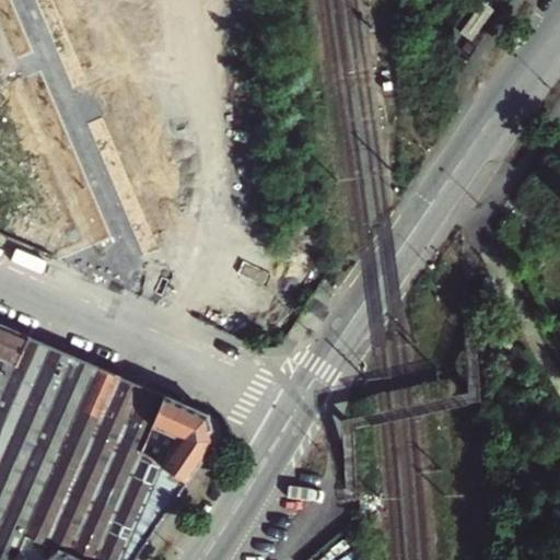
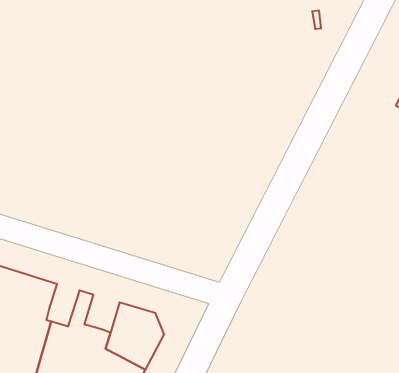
building: [67,364,112,418] -> none
building: [113,383,159,432] -> none

